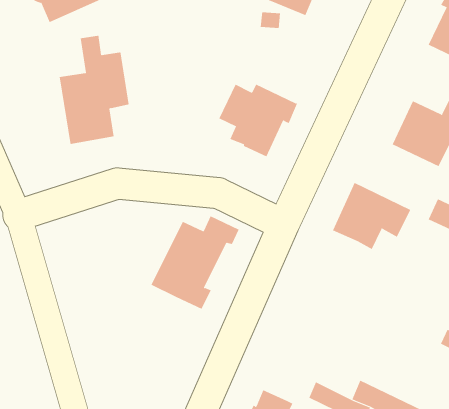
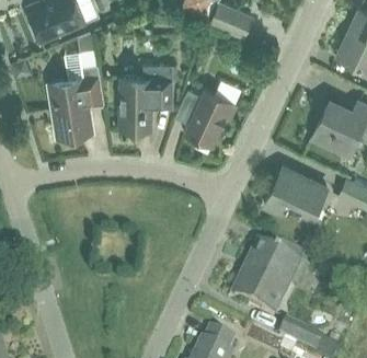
building: none -> [117,65,172,129]
building: [151,216,239,310] -> [233,244,303,319]

